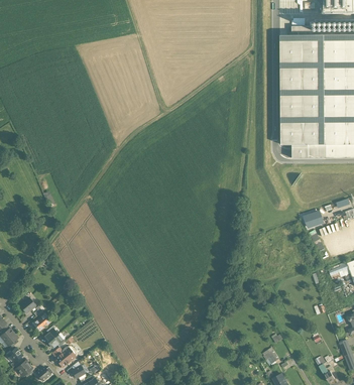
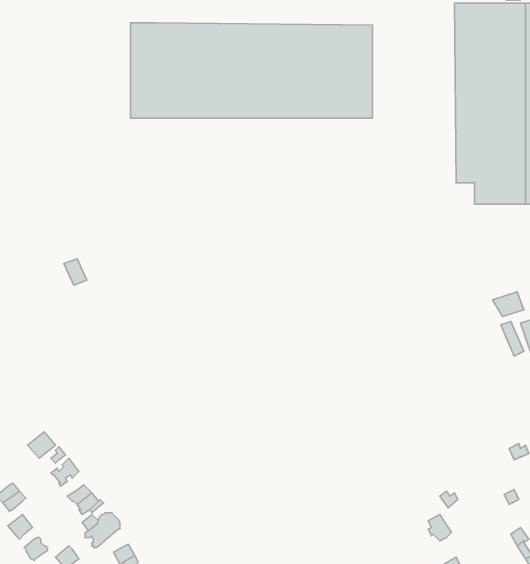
building: none -> [130,23,372,118]

